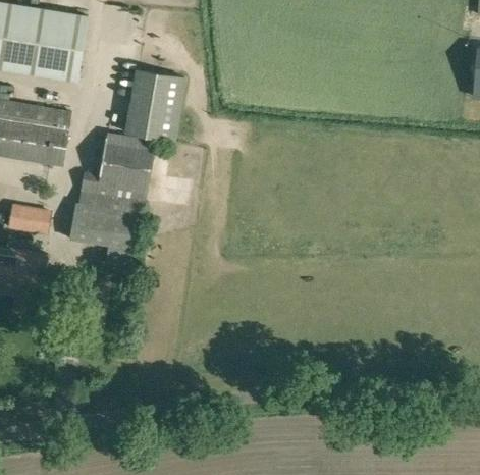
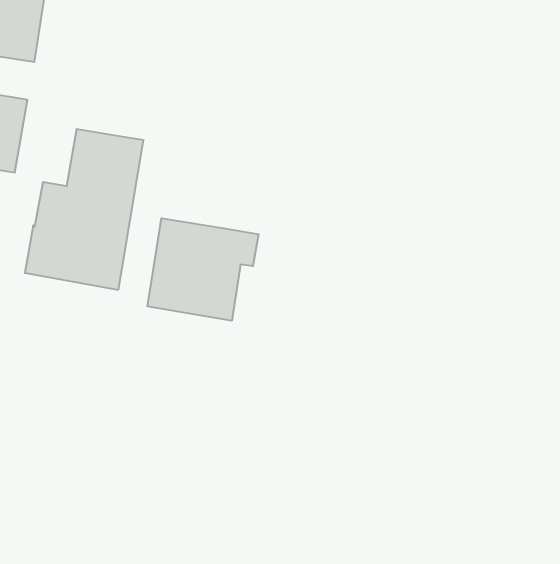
building: [123,68,181,140] -> none
building: none -> [147,218,258,321]

